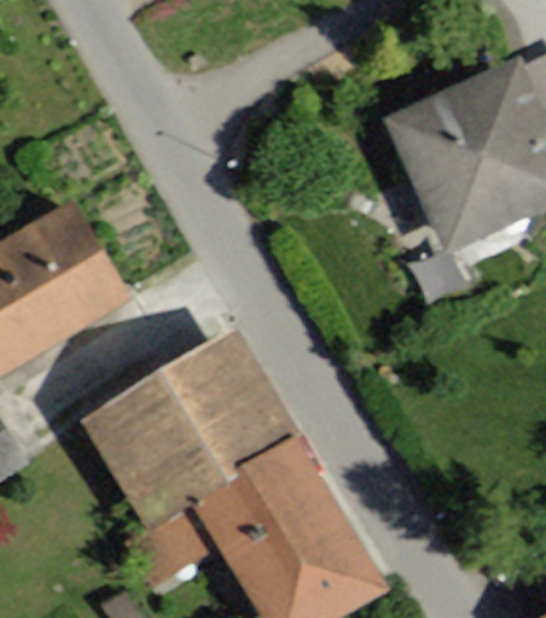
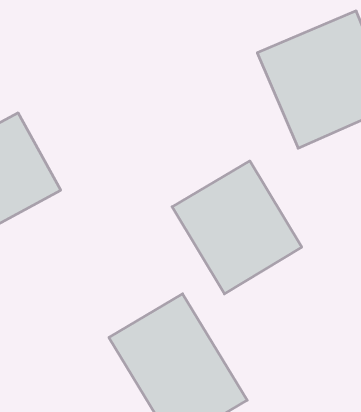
building: none -> [172,161,302,294]
building: [86,336,294,527] -> none

